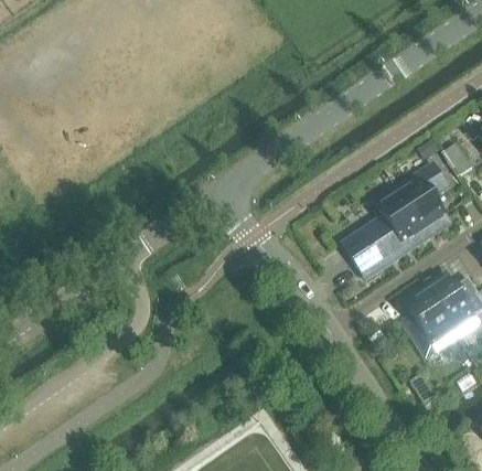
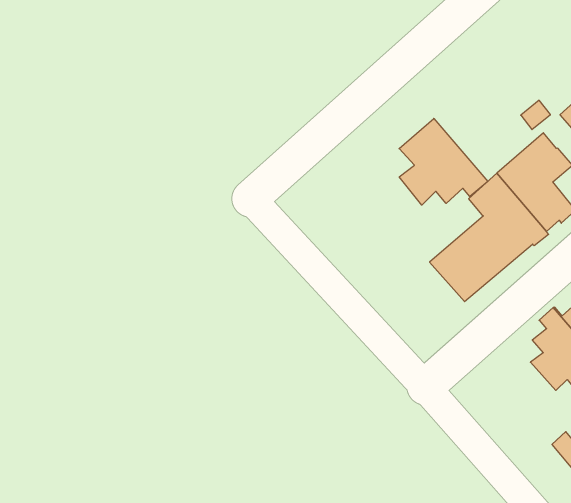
building: none -> [399,118,488,205]

